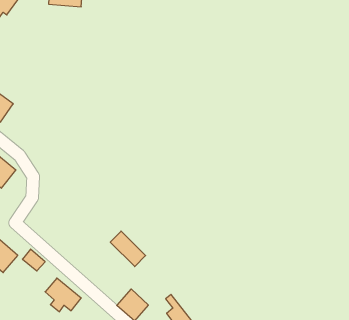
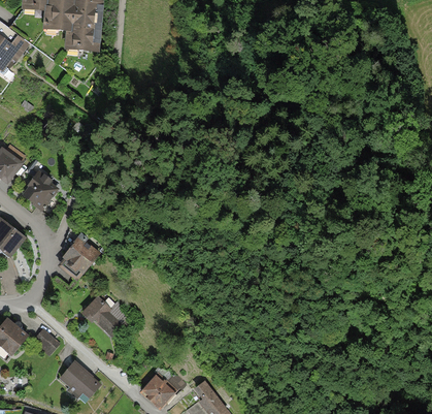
building: none -> [24,174,58,208]
building: none -> [62,237,98,275]
building: [110,231,146,267] -> [82,297,123,338]

